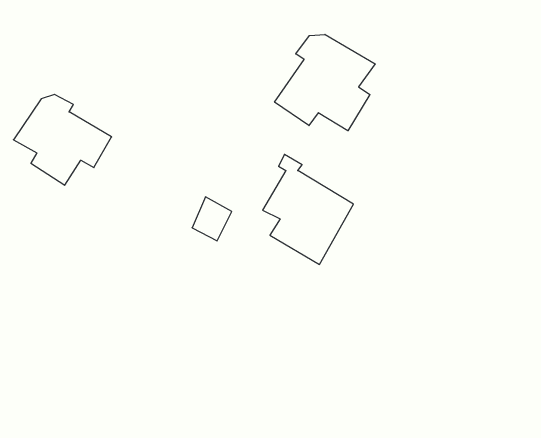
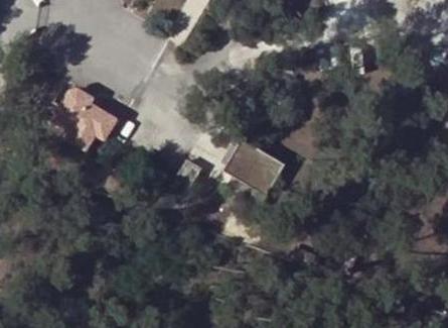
building: [275,34,375,131] -> none

